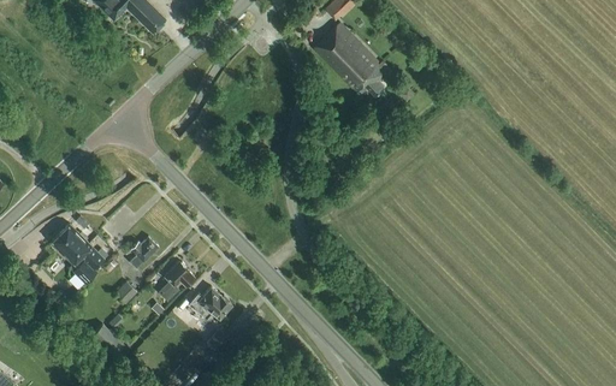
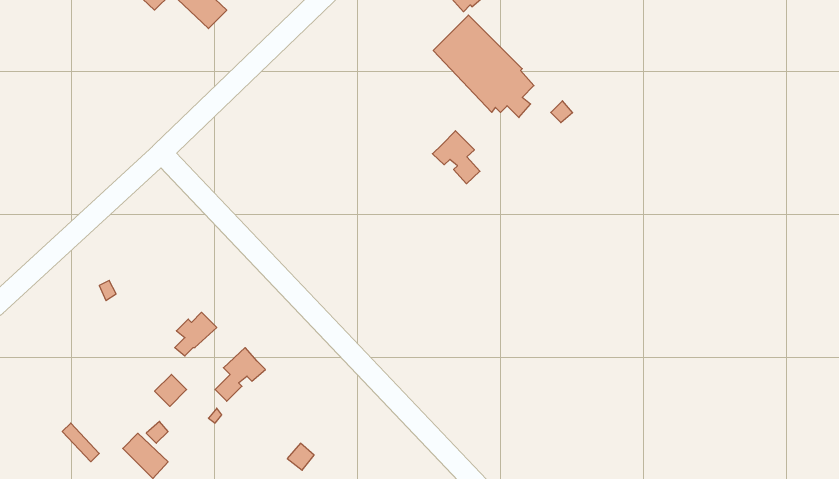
building: none -> [432,131,480,184]
building: [51,225,105,284] -> none
building: [189,286,232,320] -> none

